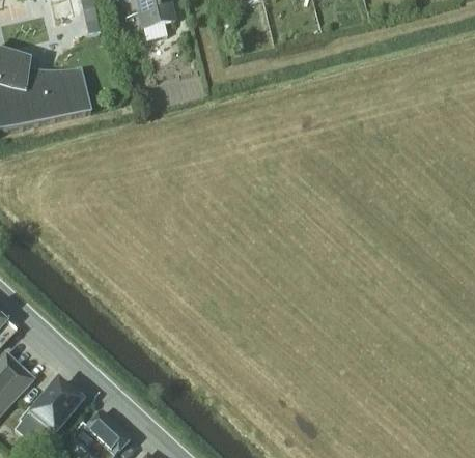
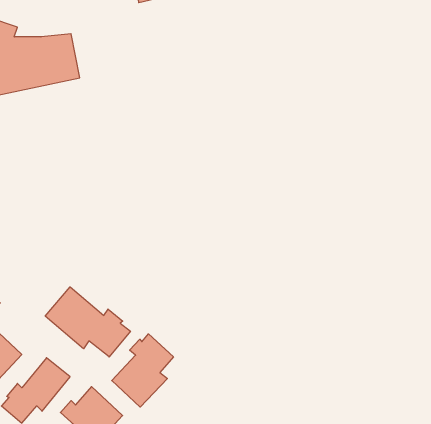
building: none -> [45,287,130,357]
building: none -> [112,334,173,407]

